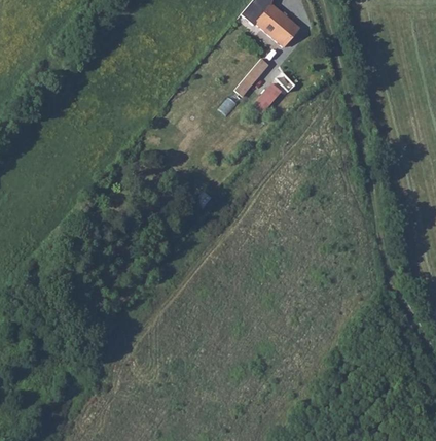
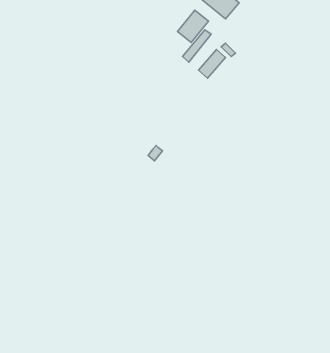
building: none -> [177,10,209,43]

